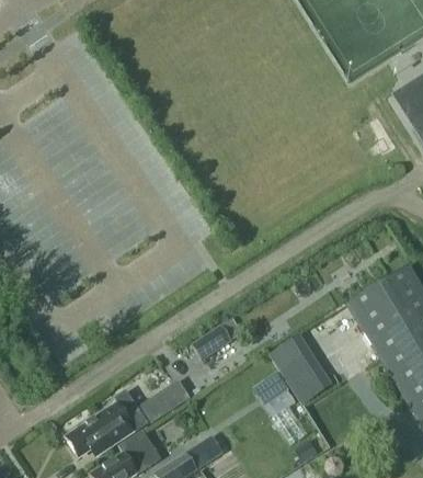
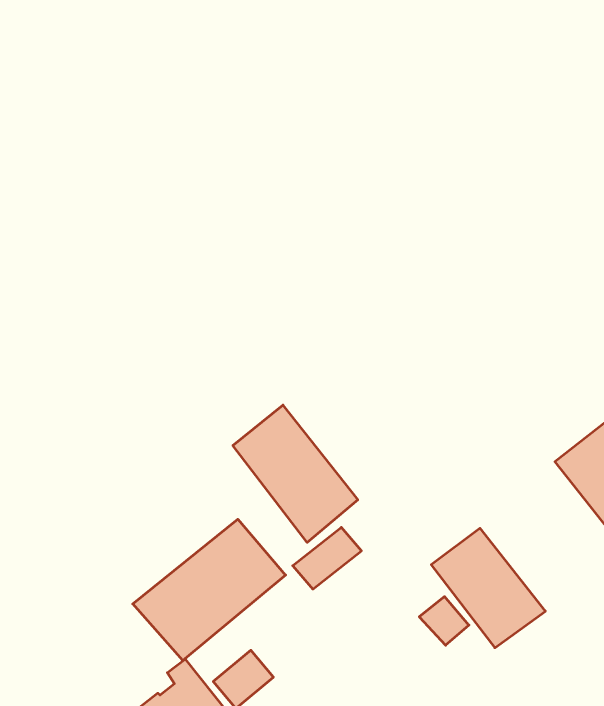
building: none -> [233,405,358,542]
building: none -> [133,519,286,661]

